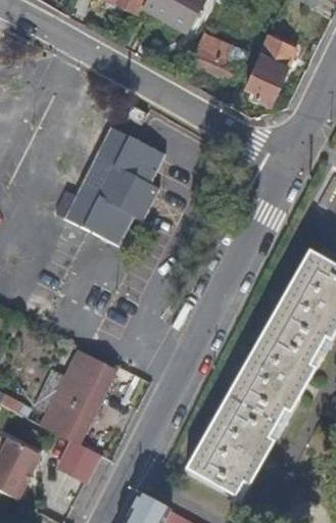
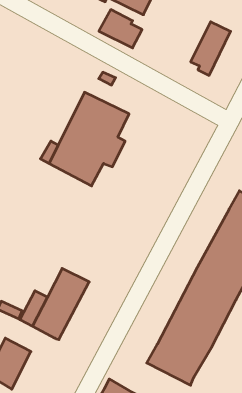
building: [190,31,245,80] -> [99,10,142,48]
building: [58,440,101,484] -> none

